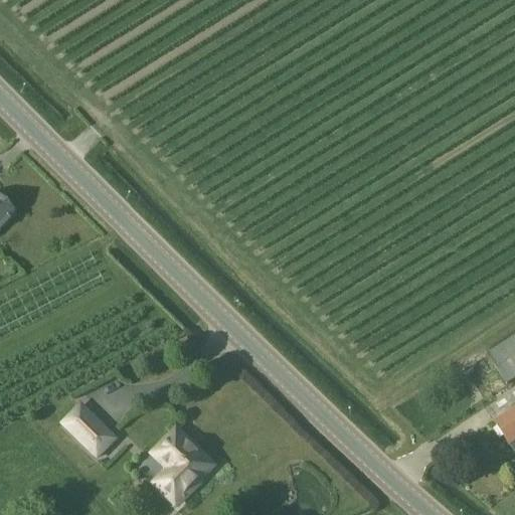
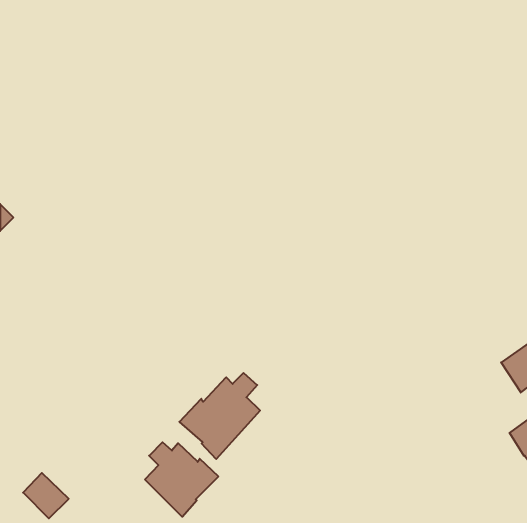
building: none -> [179,373,260,459]
building: [73,409,118,454] -> [23,473,69,518]

